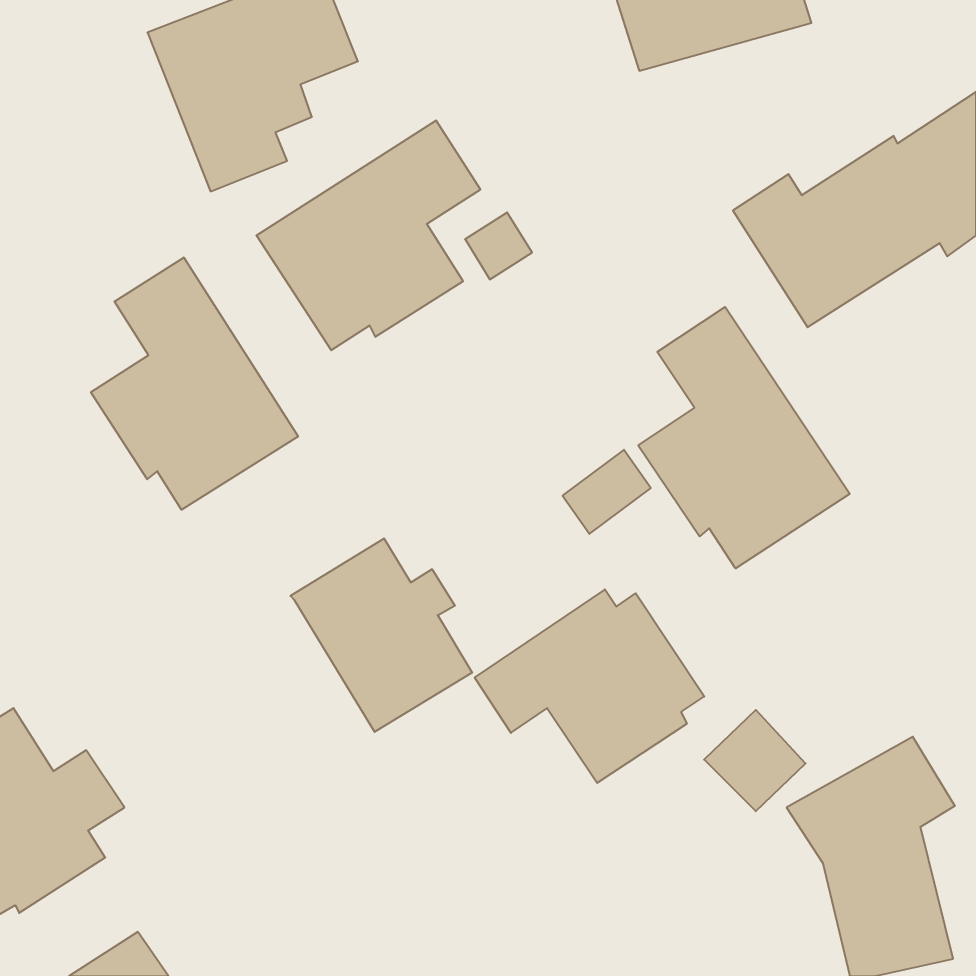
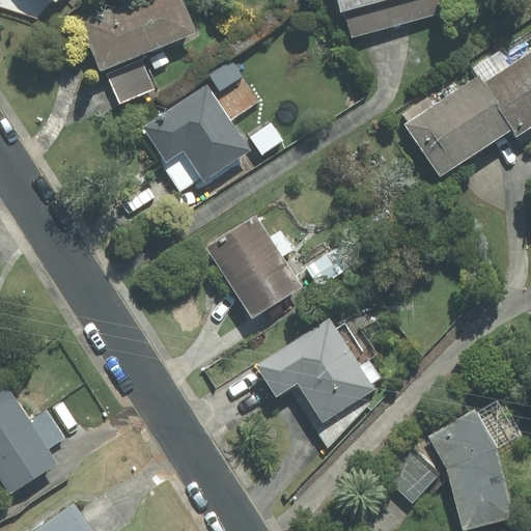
building: [91,257,298,510] -> none
building: [638,307,850,568] -> none
building: [290,539,472,732] -> [204,215,303,319]
building: [704,710,806,811] -> [383,448,438,503]

